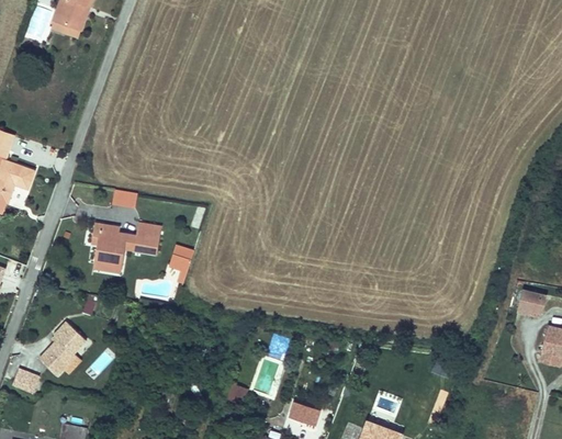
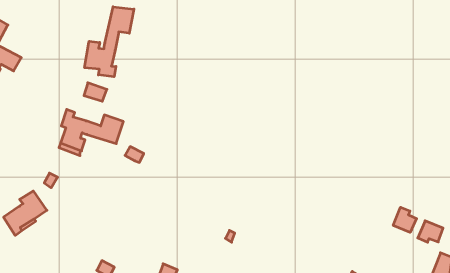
building: none -> [85,7,134,77]
building: none -> [393,207,417,232]

